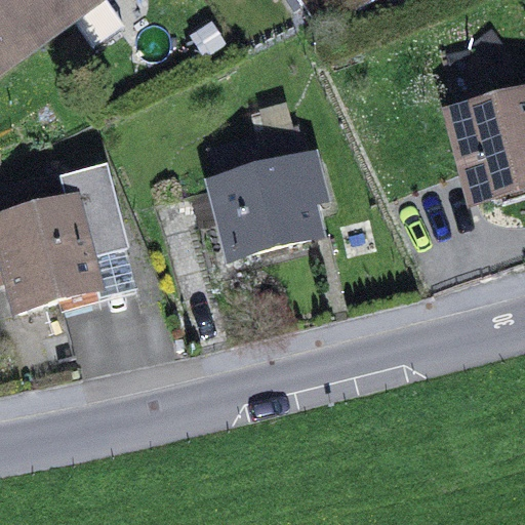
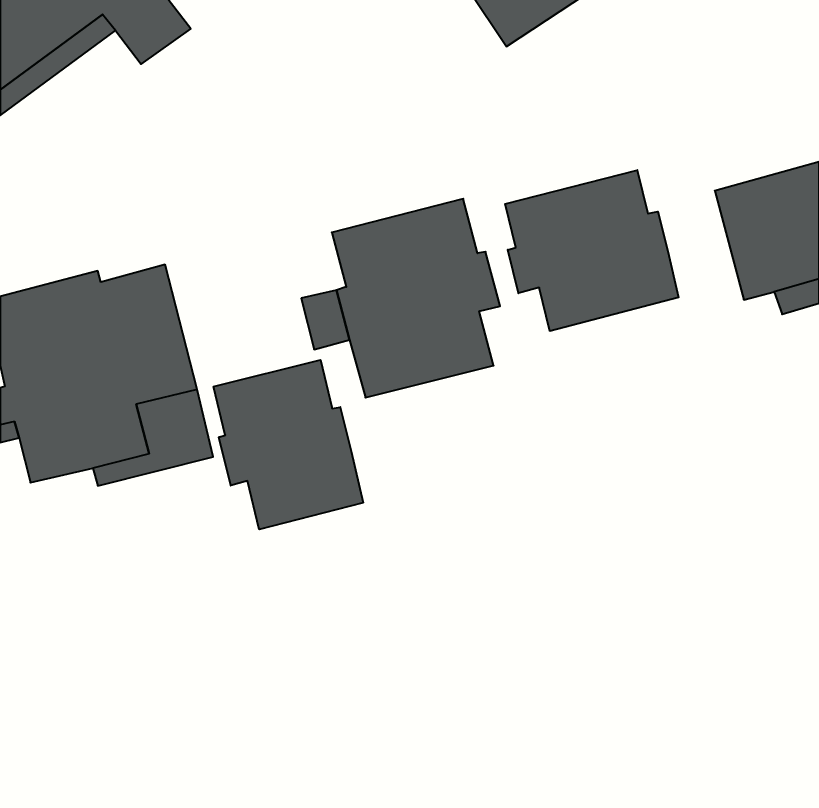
building: none -> [505,170,679,331]
building: none -> [214,360,363,529]

